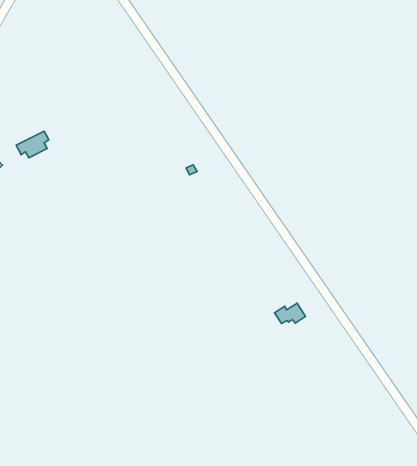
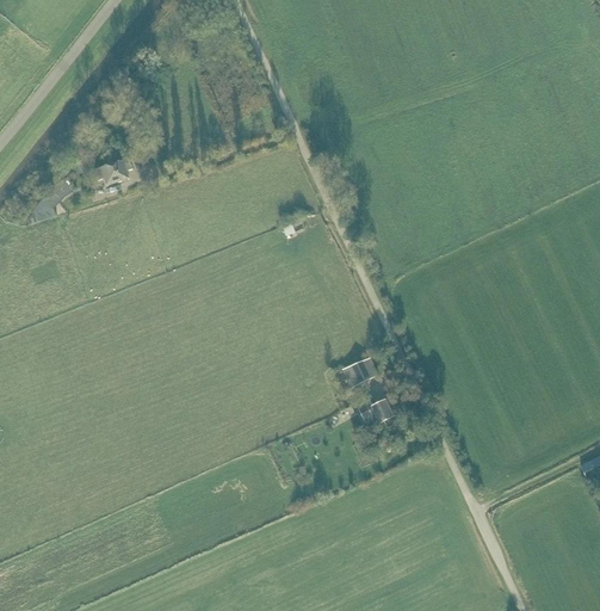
building: none -> [341,358,376,387]

